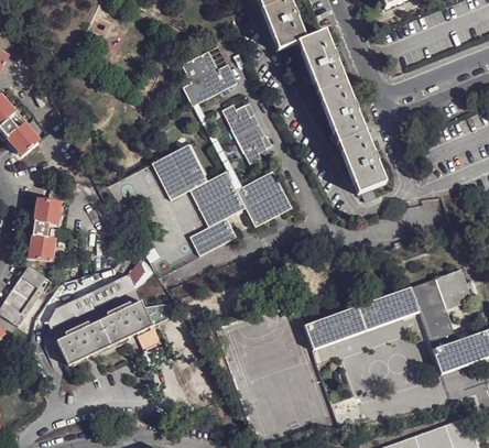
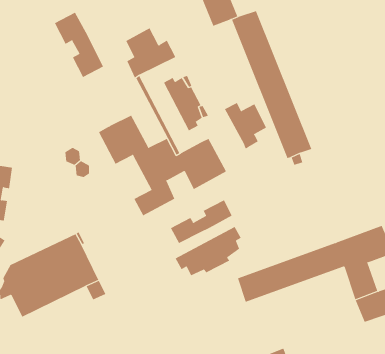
building: none -> [54,12,104,78]
building: none -> [224,102,267,149]
building: none -> [170,200,233,244]
building: none -> [175,226,241,276]

